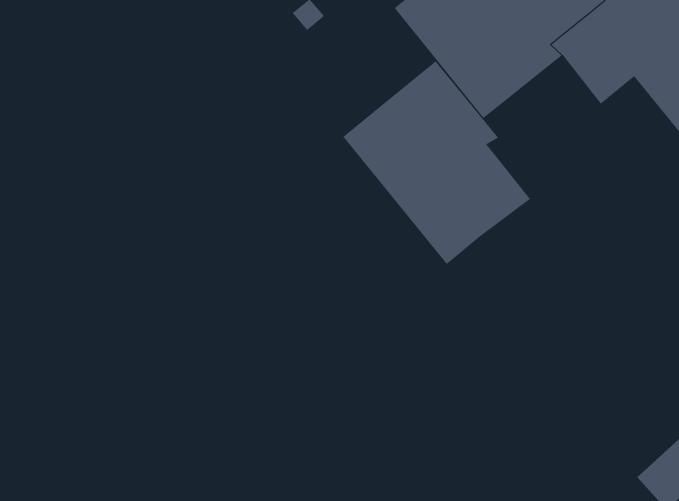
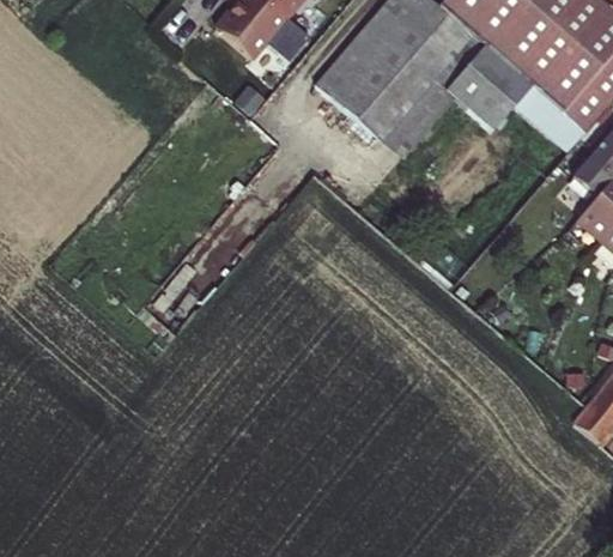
building: [342,61,531,265] -> none

